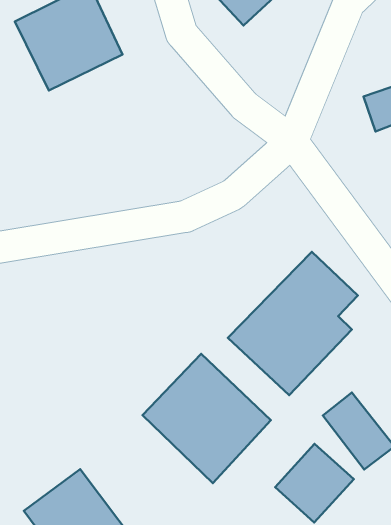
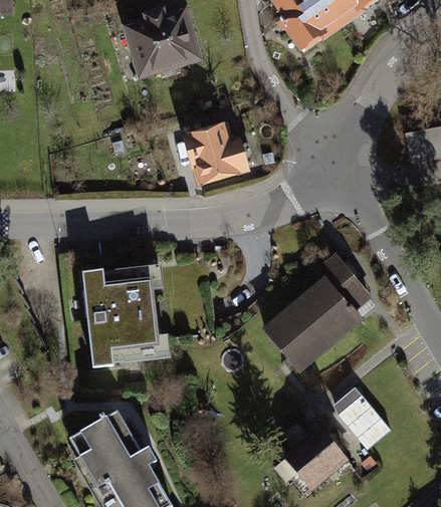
building: none -> [181,118,250,182]
building: none -> [81,267,170,369]
building: [142,354,271,483] -> none

